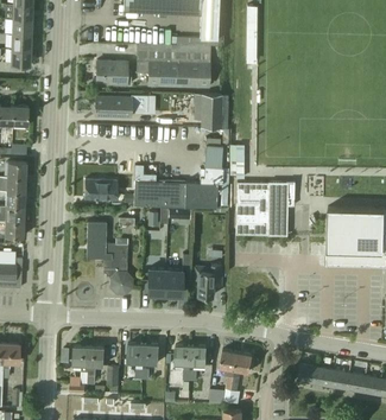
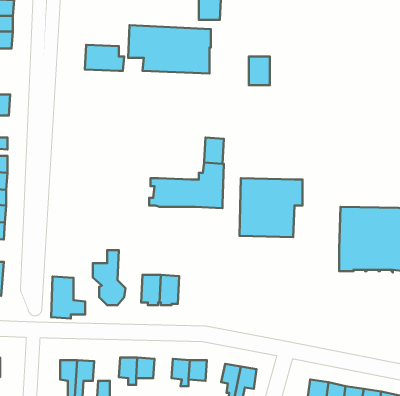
building: [202,94,221,120] -> [249,57,270,85]
building: [95,95,148,116] -> none
building: [134,165,159,206] -> none
building: [84,179,116,199] -> none
building: [86,224,116,262] -> [51,277,85,318]
building: [197,265,222,297] -> none

